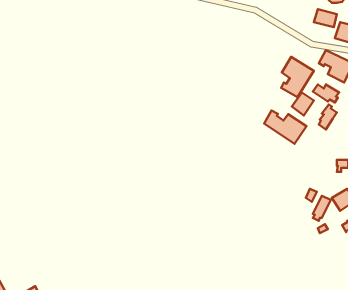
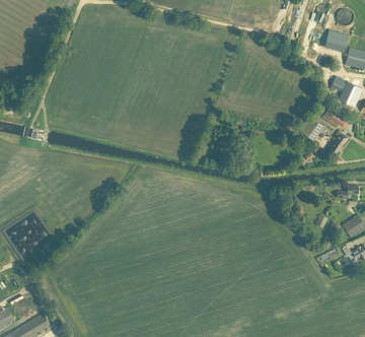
building: [281,57,314,97] -> none
building: [264,110,307,144] -> none

